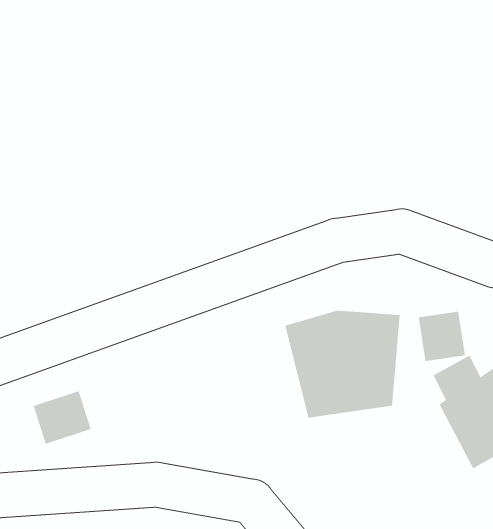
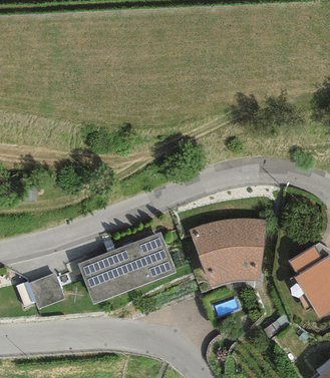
building: [418,311,465,362] -> none
building: none -> [77,232,175,304]

